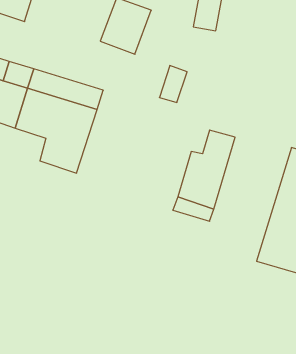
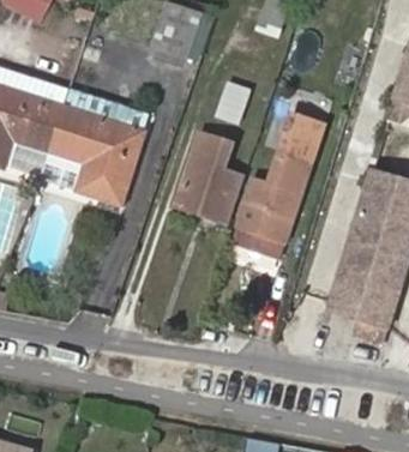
building: none -> [276,114,318,162]
building: none -> [176,133,245,221]

